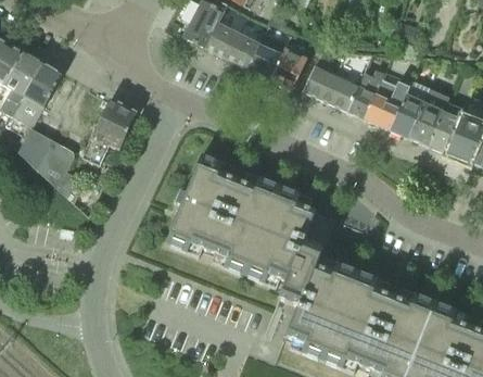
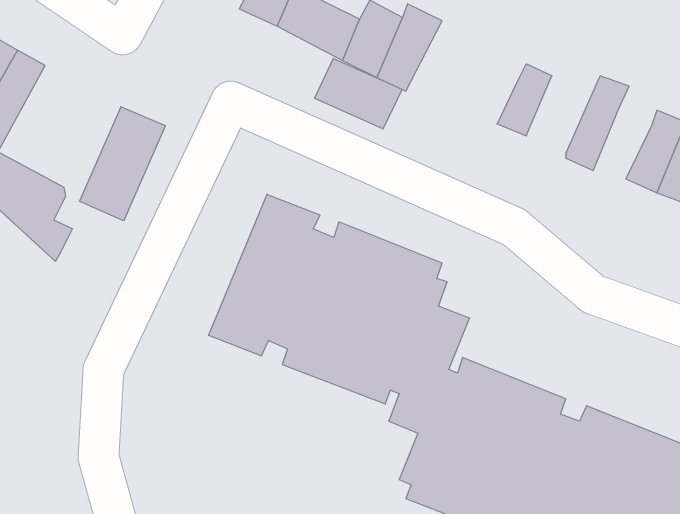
building: [302,66,357,111] -> [314,59,402,129]
building: [364,71,409,129] -> none
building: [407,101,443,146] -> none

